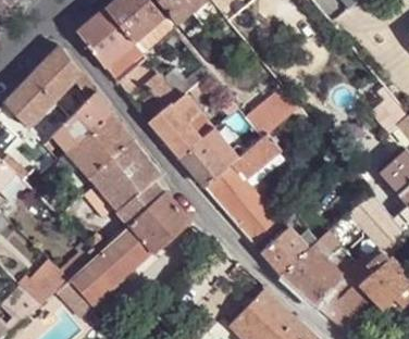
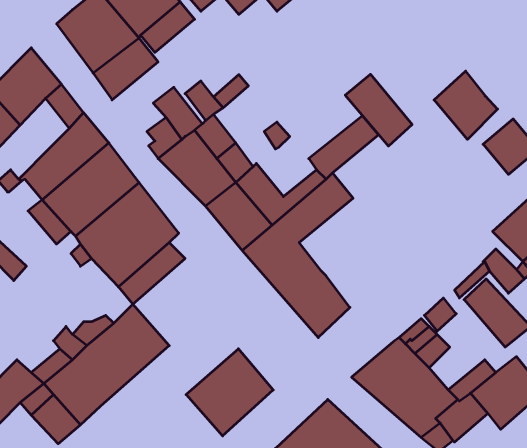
building: none -> [434,71,498,139]
building: none -> [345,74,412,146]
building: [129,191,189,251] -> [186,349,273,436]
building: [260,226,308,273] -> none

